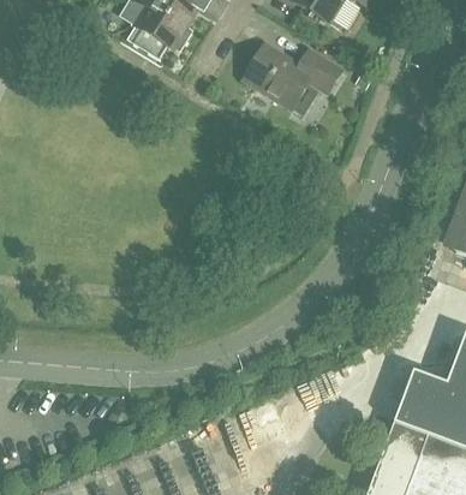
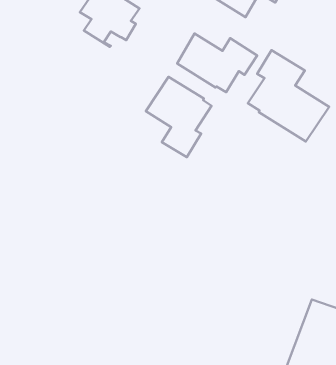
building: none -> [248,50,329,142]
building: none -> [146,77,212,157]

